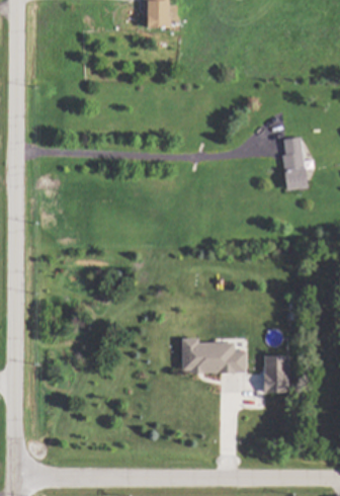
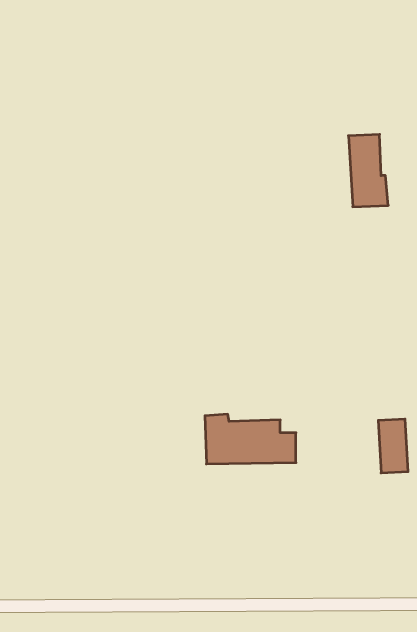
building: [262,354,283,393] -> [378,419,408,473]

